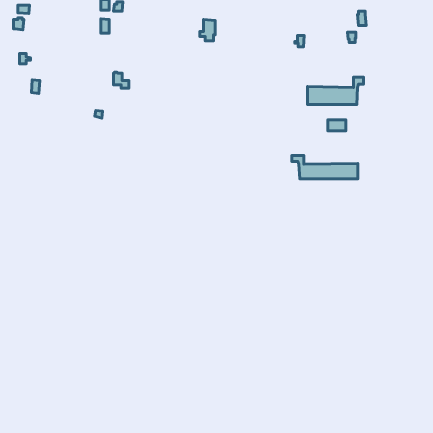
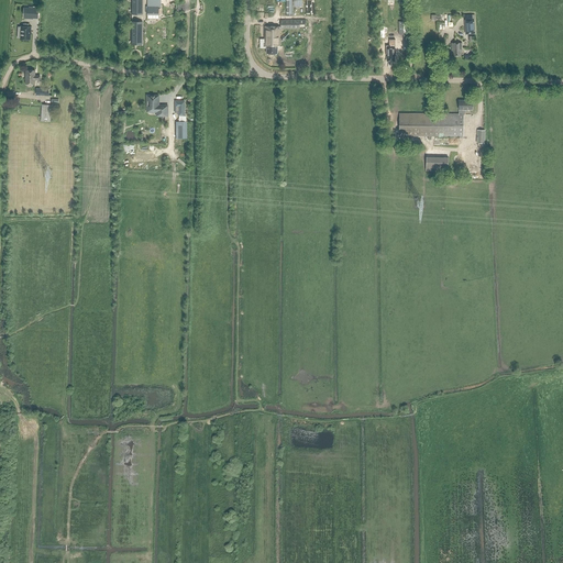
building: [292,156,358,179] -> none

